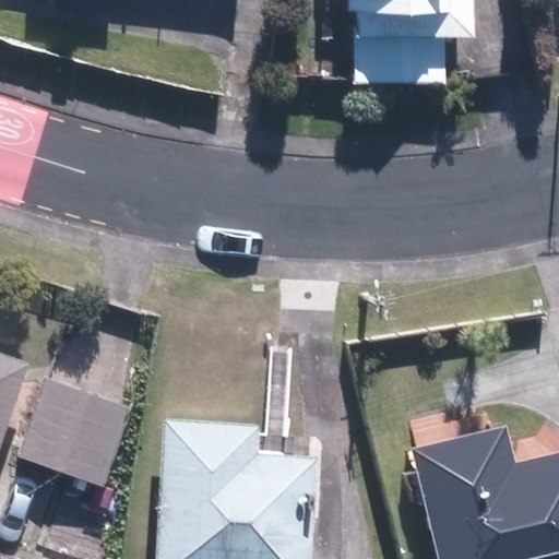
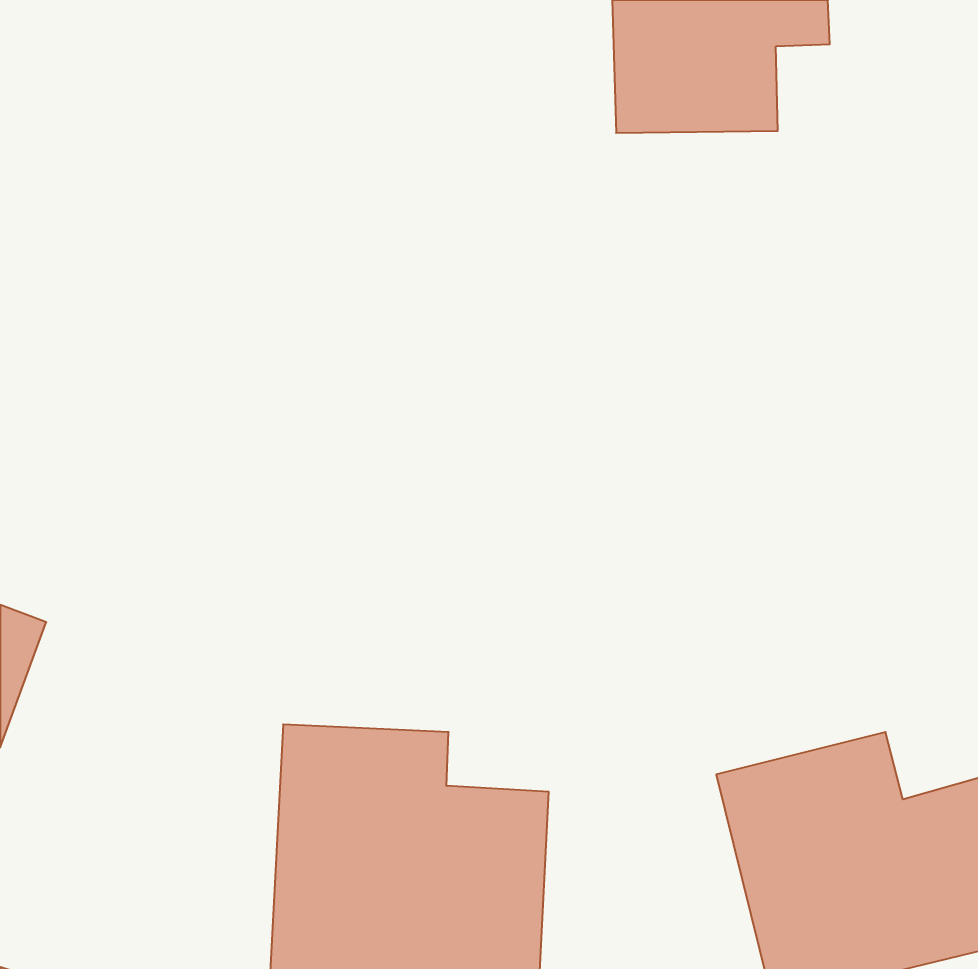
building: [21,379,132,486] -> none

